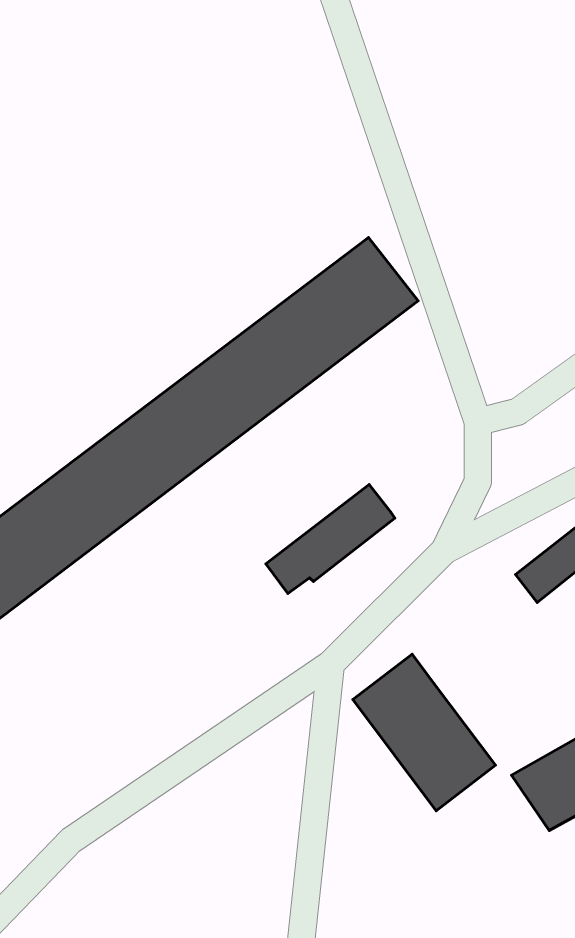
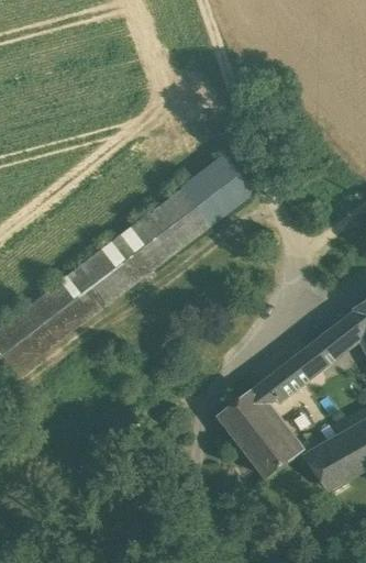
building: [266,484,395,594] -> [249,344,321,405]

